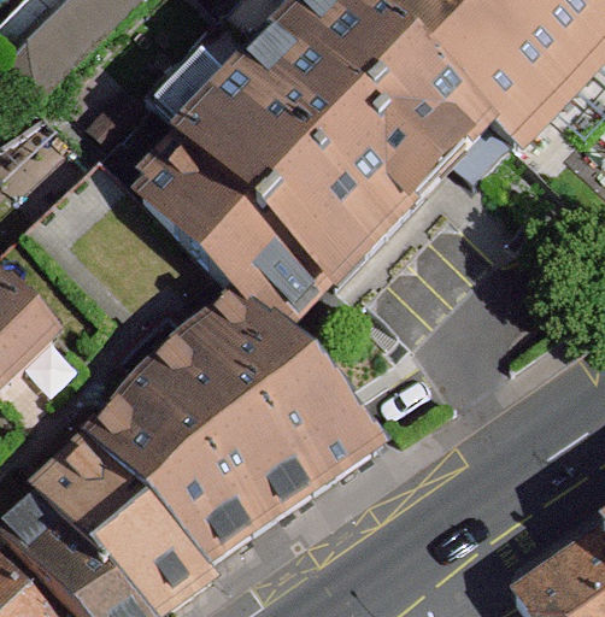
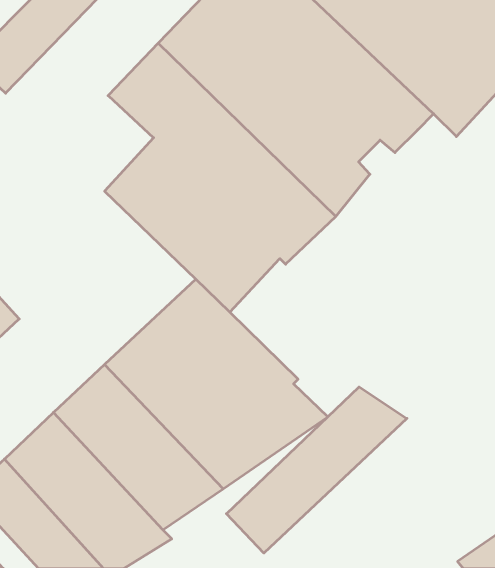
building: none -> [226,387,407,553]

